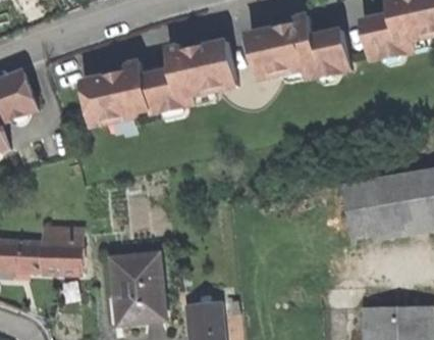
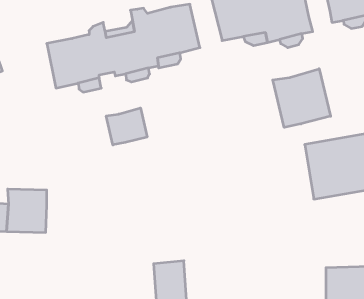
building: none -> [273,69,331,127]
building: none -> [106,108,147,145]
building: [110,252,164,324] -> none

